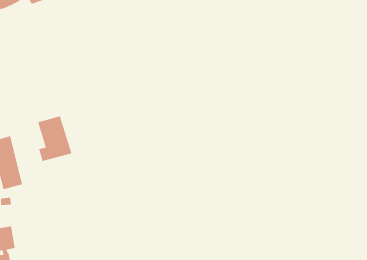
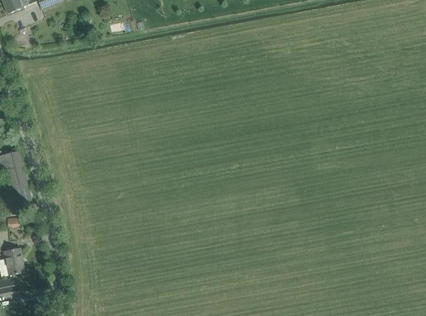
building: [38,116,72,162] -> none

